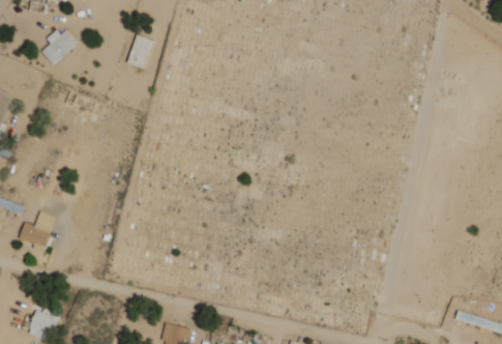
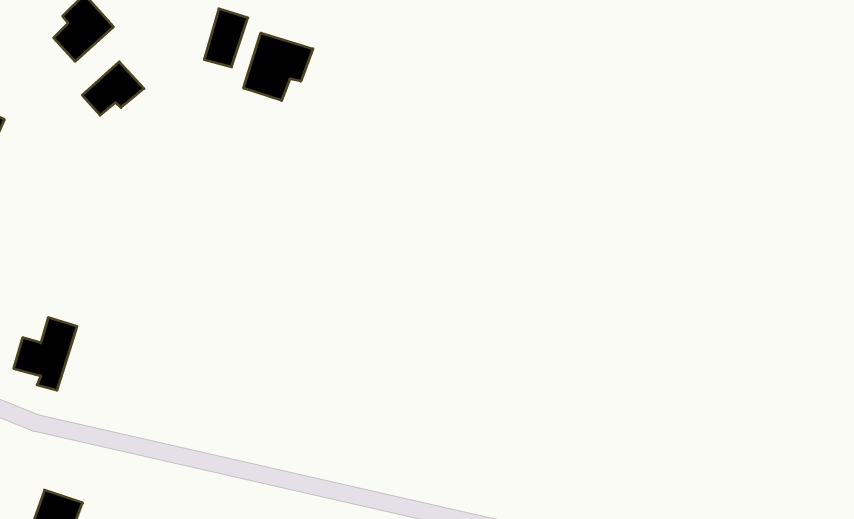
building: none -> [244,33,313,101]
building: none -> [82,62,144,115]

